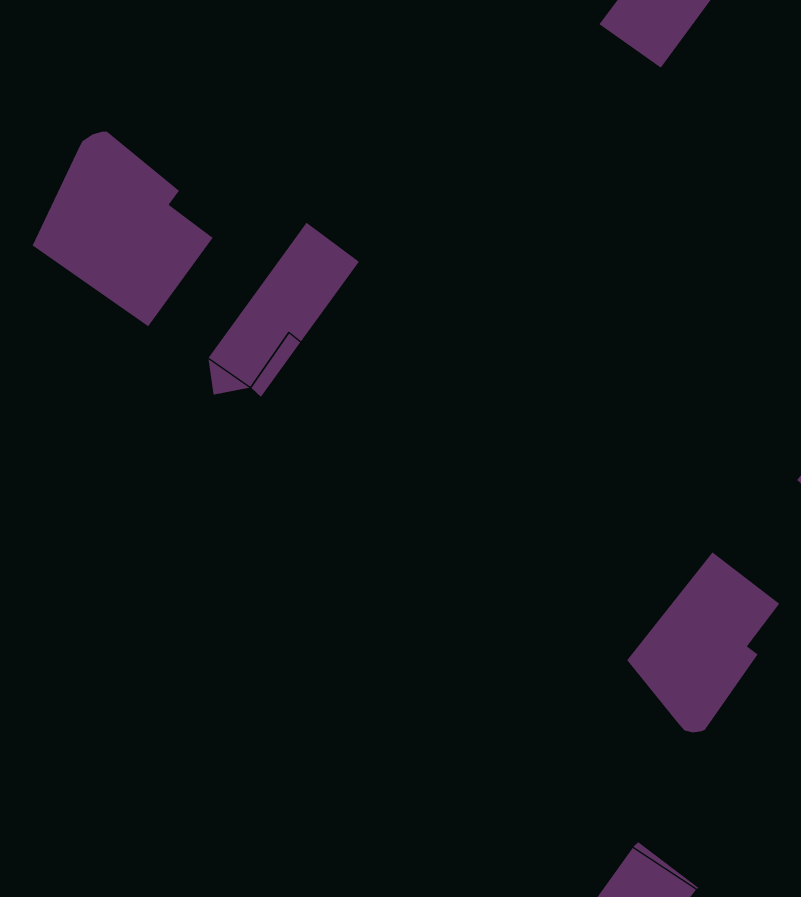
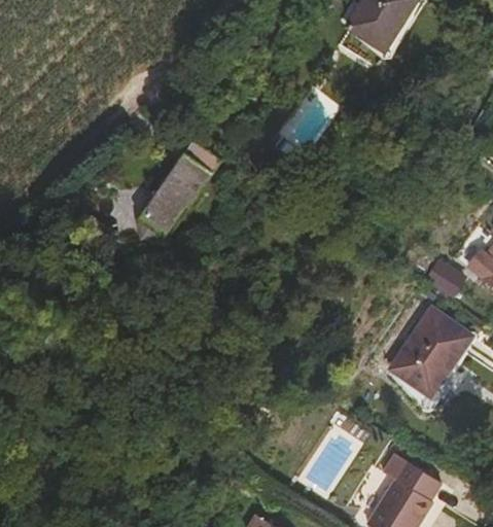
building: [32,131,214,327] -> none
building: none -> [427,256,465,291]

